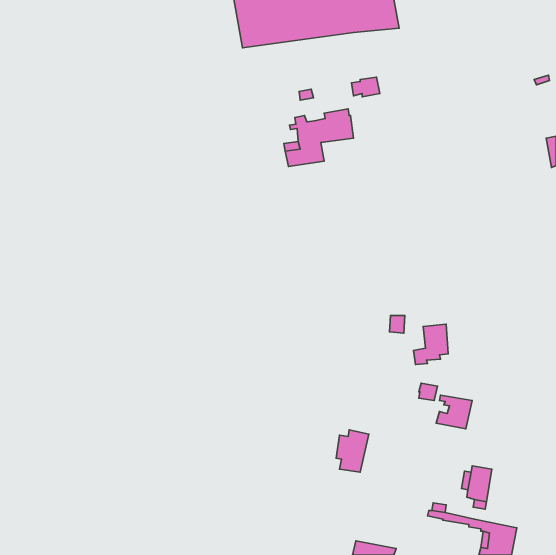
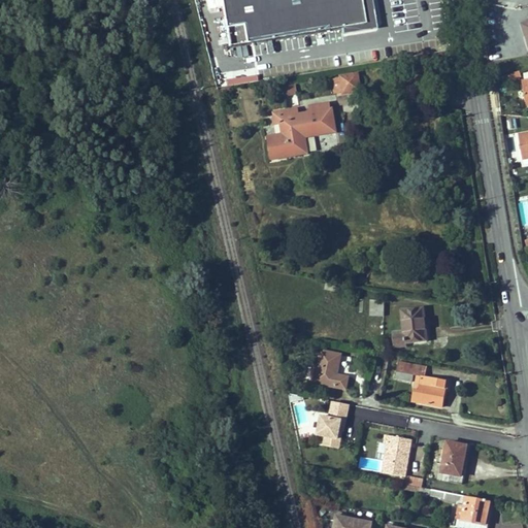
building: none -> [316,351,348,388]
building: none -> [383,433,412,474]

